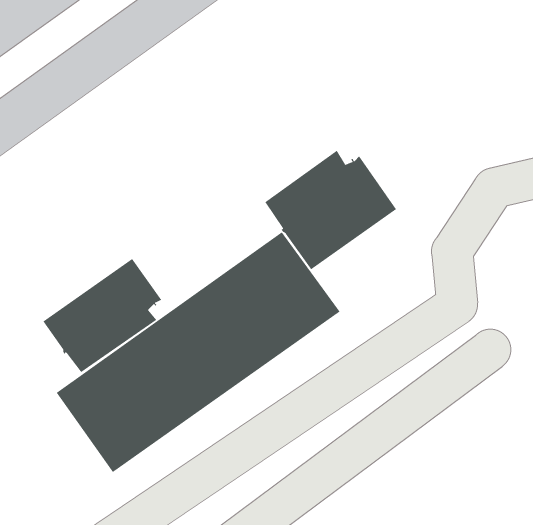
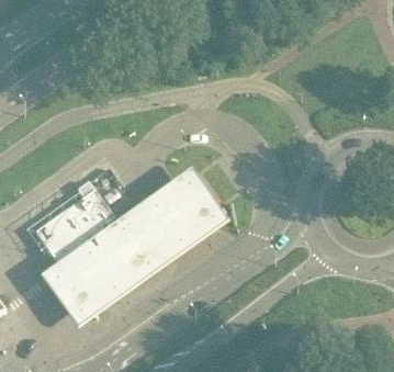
building: [264,150,397,270] -> none

